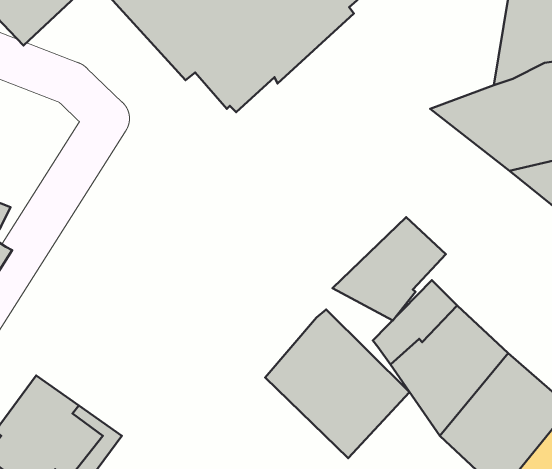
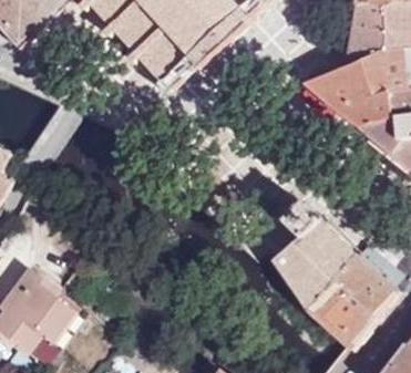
building: [332,217,446,320] -> none
building: [265,309,410,458] -> none

